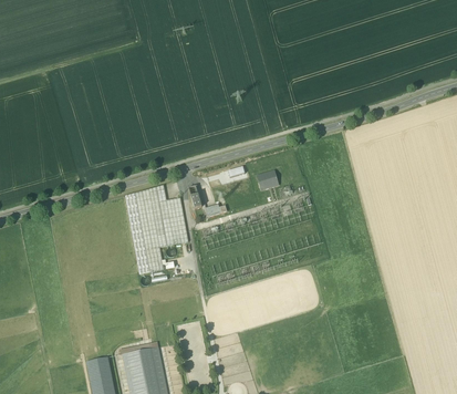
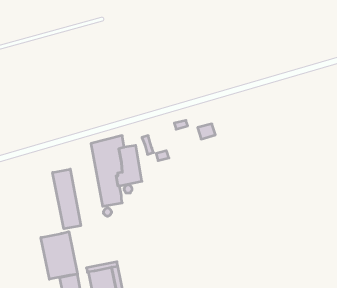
building: none -> [53,169,81,229]
building: none -> [41,232,78,279]

